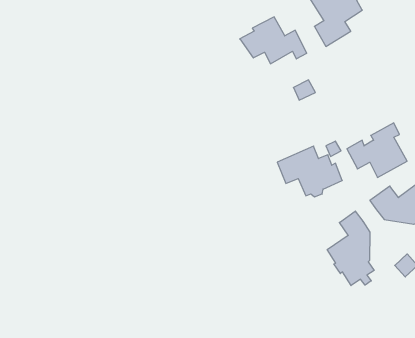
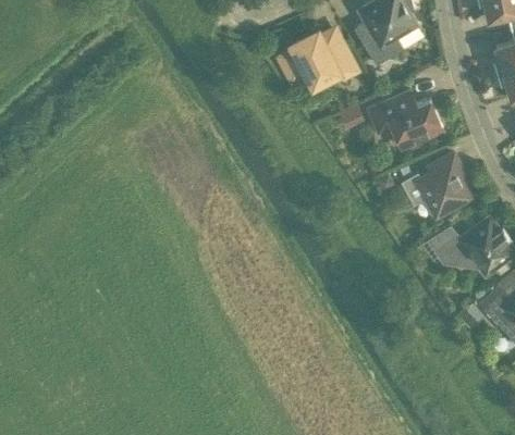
building: [277,146,342,197] -> [368,90,442,148]
building: [327,211,374,286] -> none

